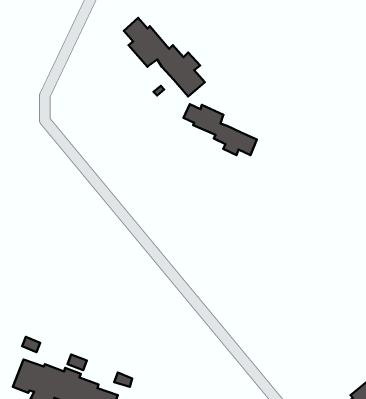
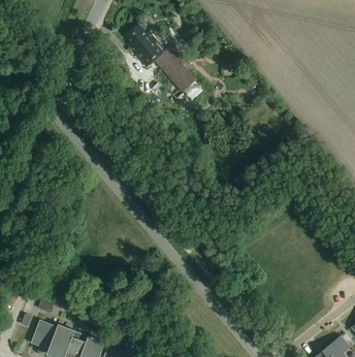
building: [184,104,257,155] -> none

